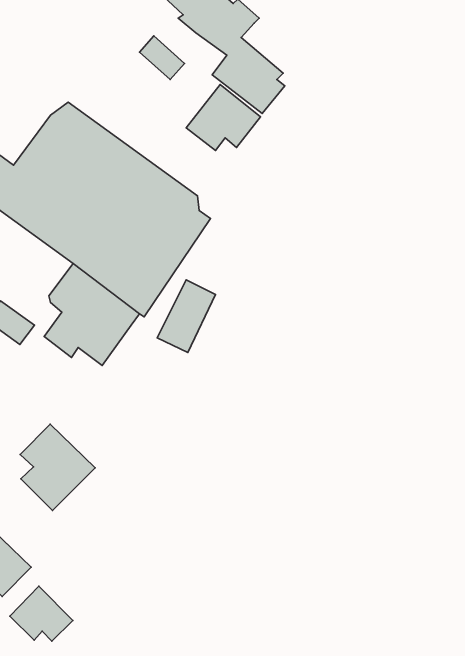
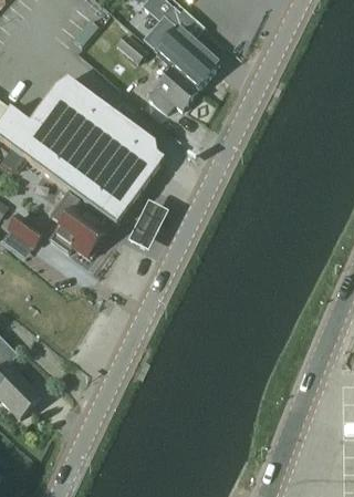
building: [20,424,95,510] -> none
building: [10,586,73,641] -> none

